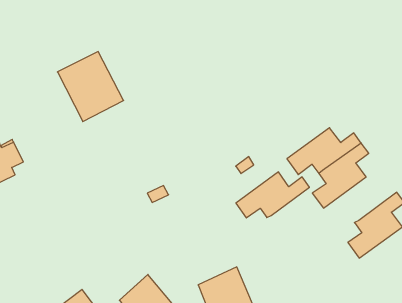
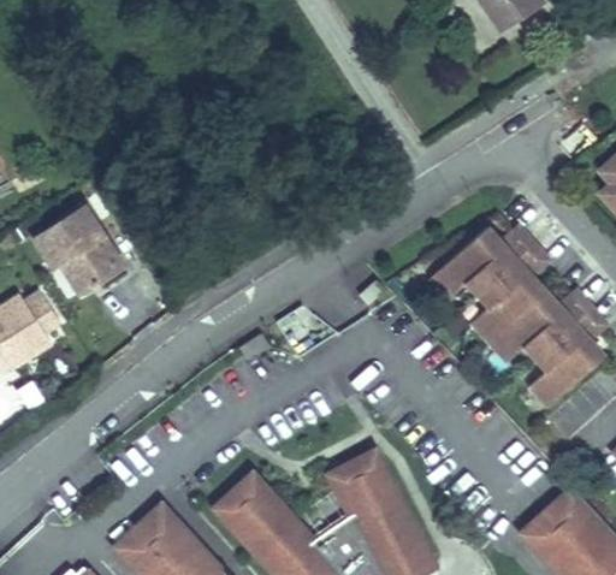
building: [57,52,124,122] -> [29,208,126,309]
building: [236,172,309,218] -> [487,294,588,363]

